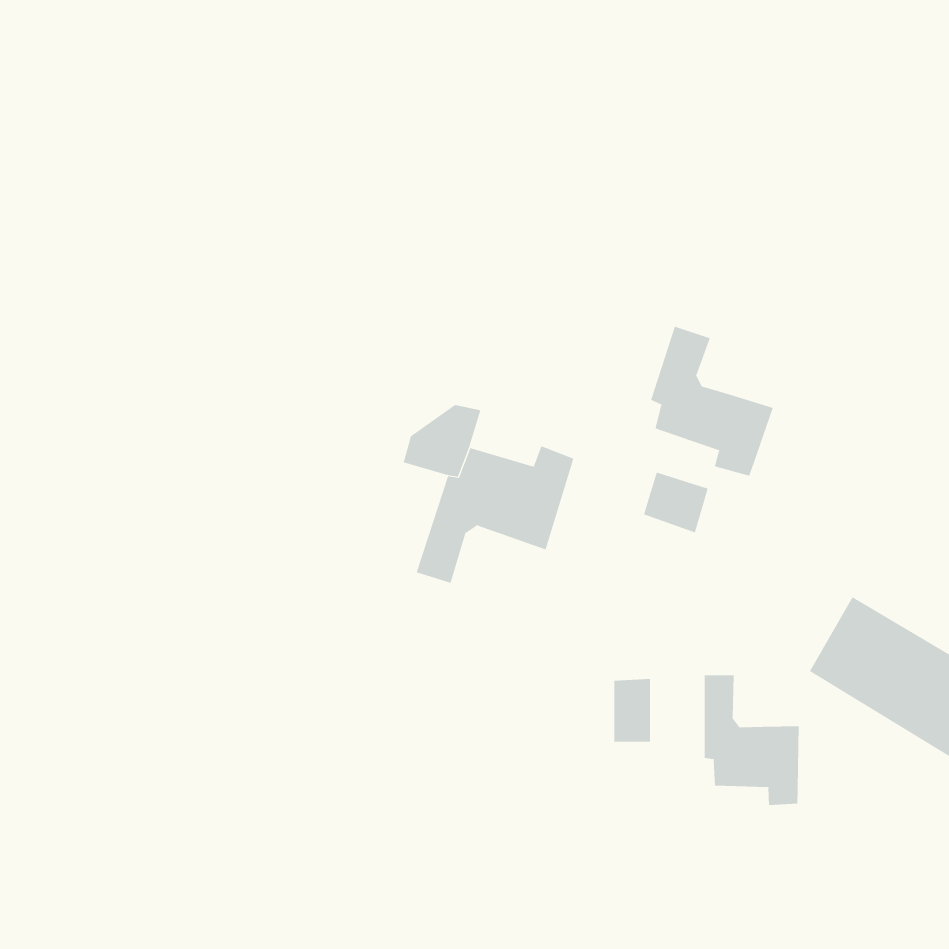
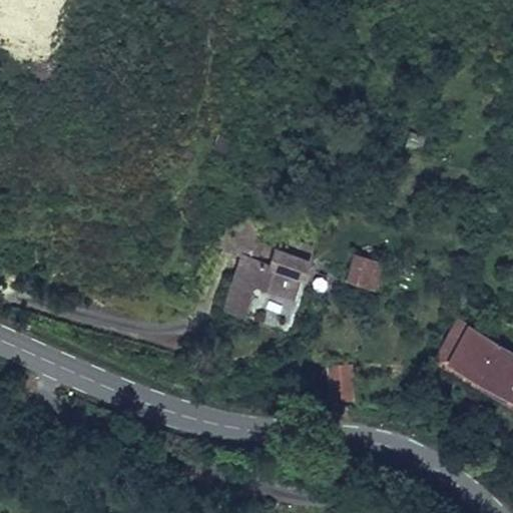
building: [650,326,774,477] -> none
building: [704,675,799,806] -> none

